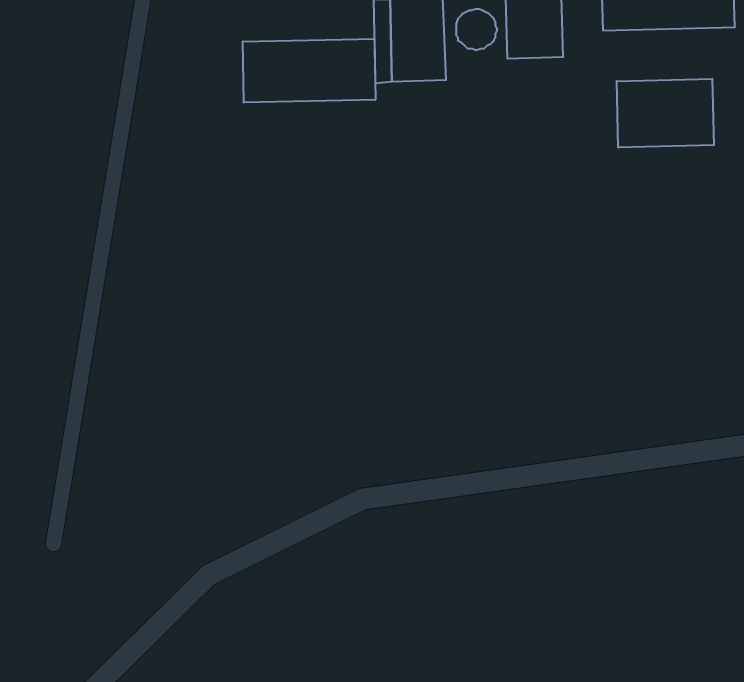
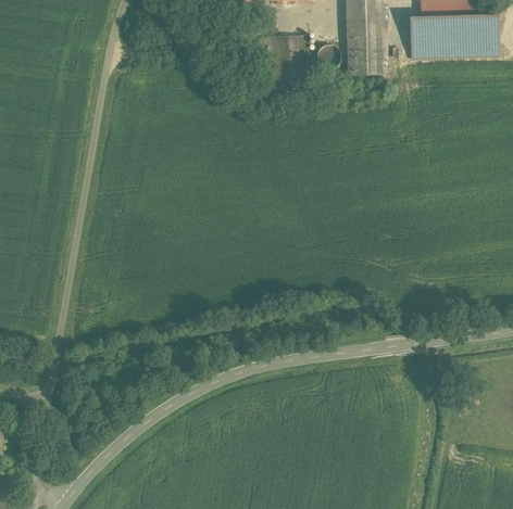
building: [243,39,375,103] -> none
building: [617,79,714,148] -> none

